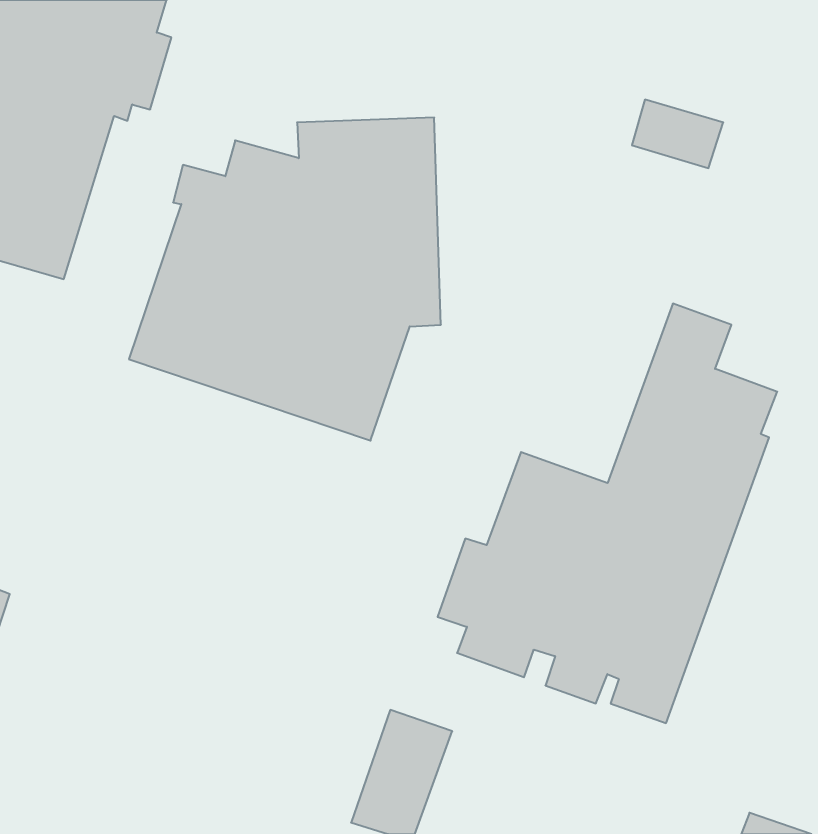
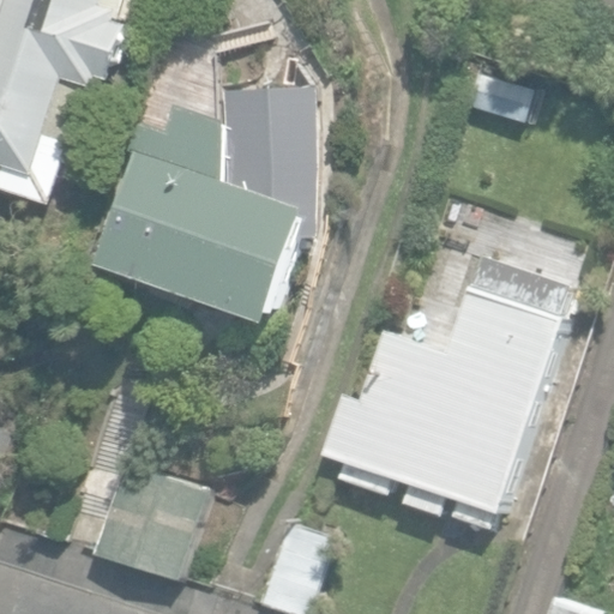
building: none -> [92,462,205,579]

